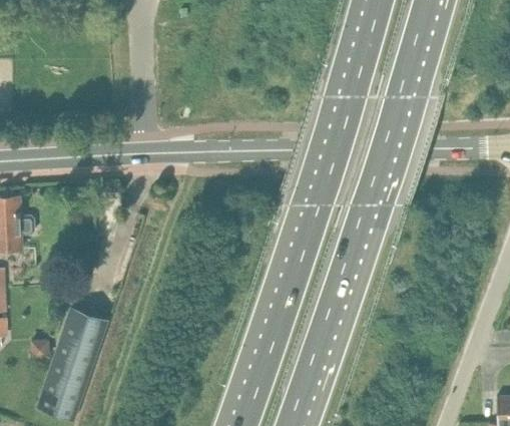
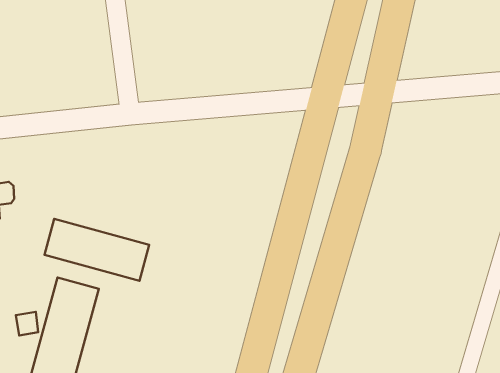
building: none -> [44,219,149,281]

